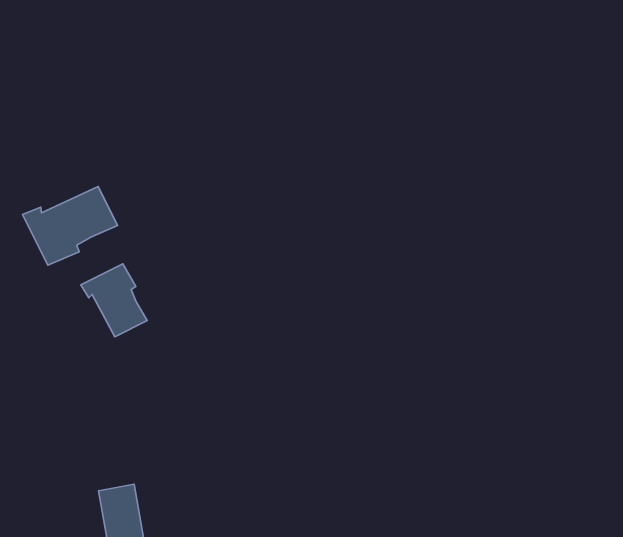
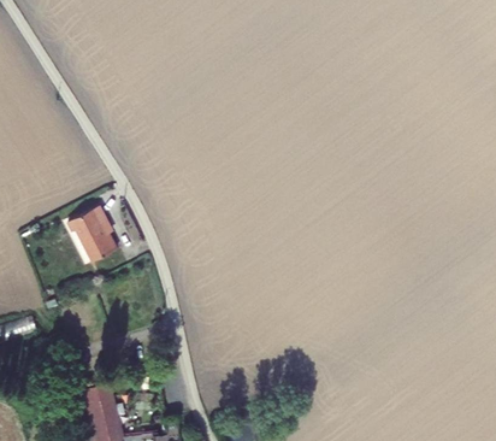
building: [23,186,118,265] -> none

